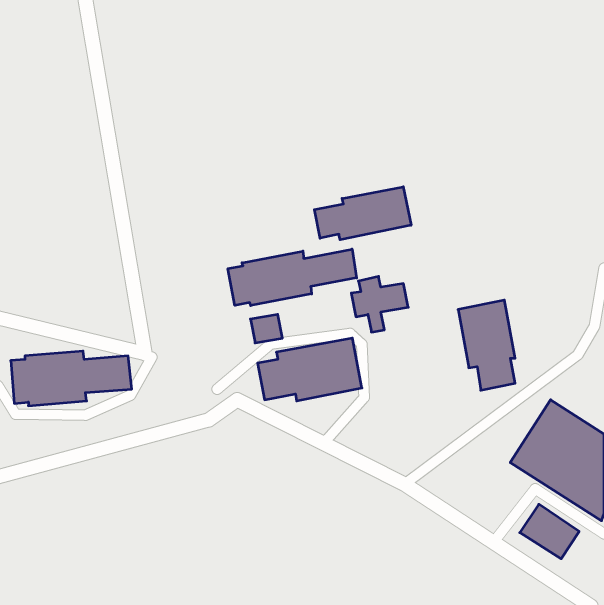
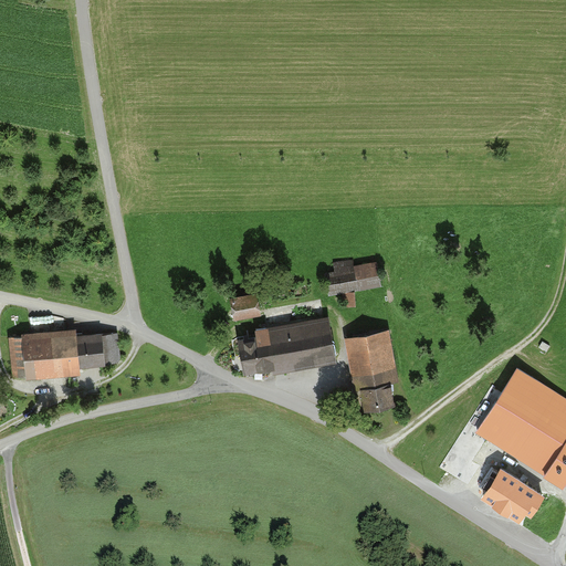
building: [314,187,411,240] -> none
building: [228,249,357,306] -> none
building: [458,300,515,390] -> [346,328,399,412]

